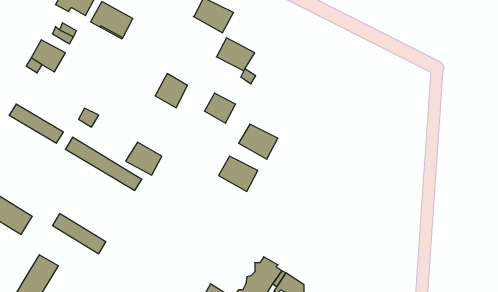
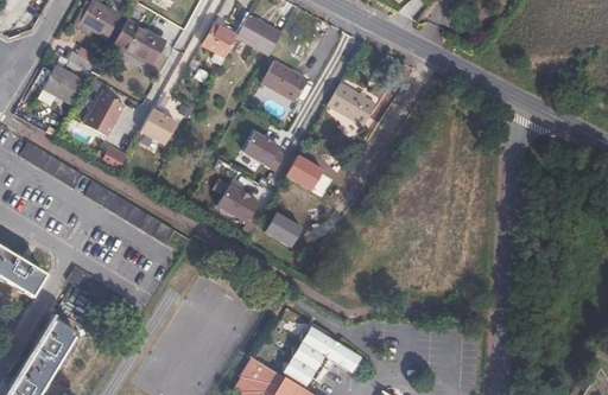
building: none -> [201,24,234,56]
building: none -> [322,81,369,123]
building: none -> [89,89,129,133]
building: [155,74,187,108] -> [142,104,180,145]
building: [126,142,162,175] -> [218,181,261,221]

